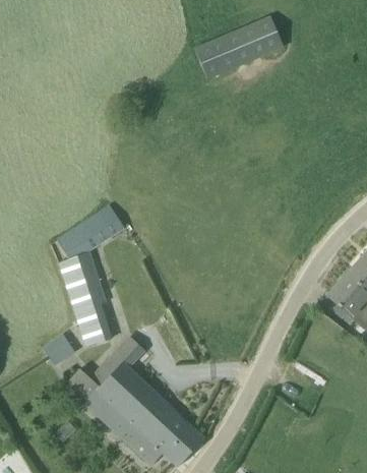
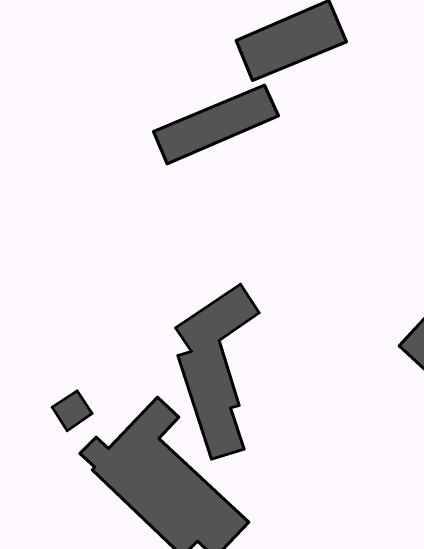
building: none -> [153,85,278,164]
building: [56,204,124,347] -> [175,284,259,459]

